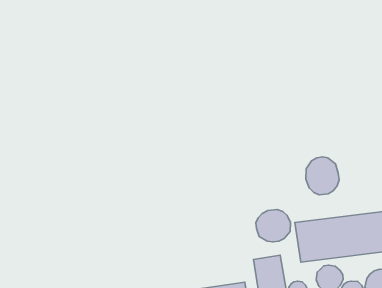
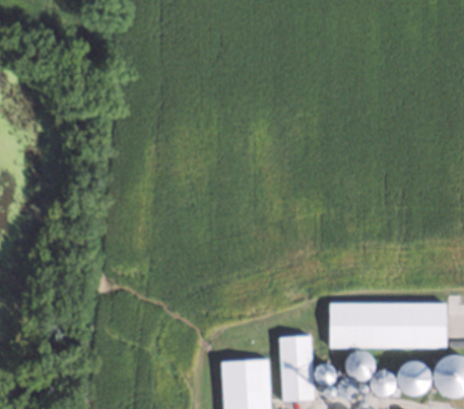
building: [306,157,339,195] -> none
building: [256,210,291,242] -> none

